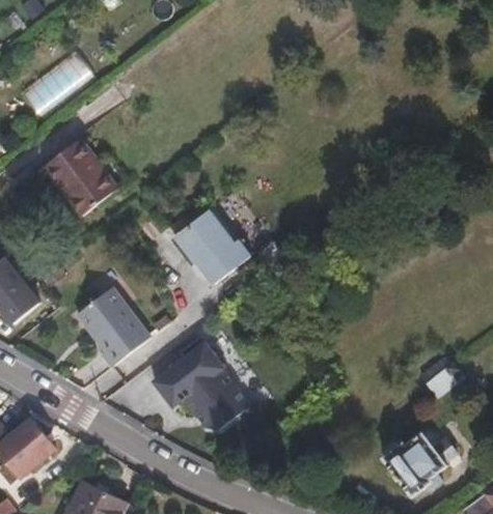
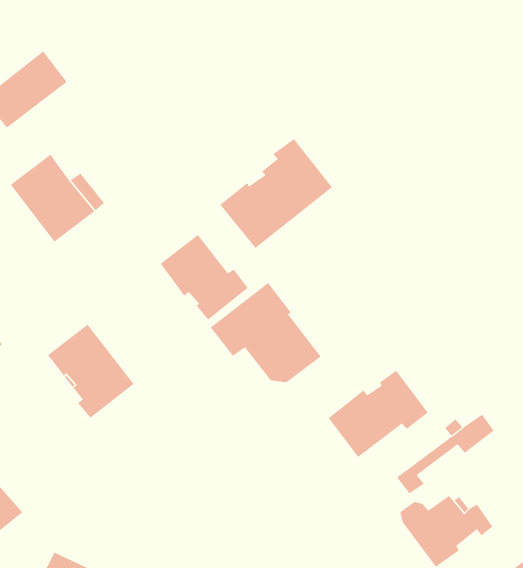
building: none -> [219,138,333,249]
building: none -> [328,370,428,458]
building: [155,342,251,429] -> [210,282,321,383]

